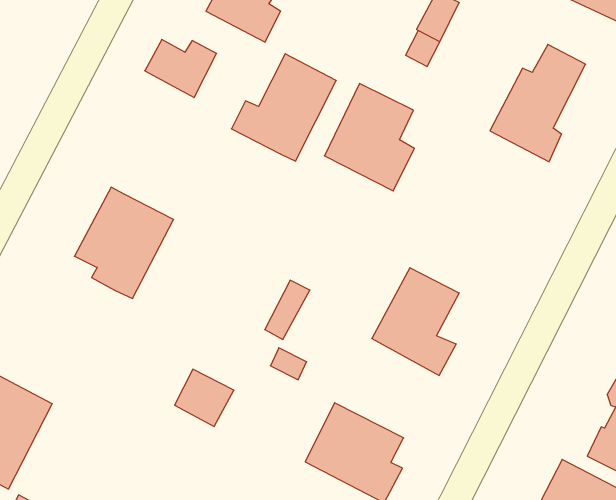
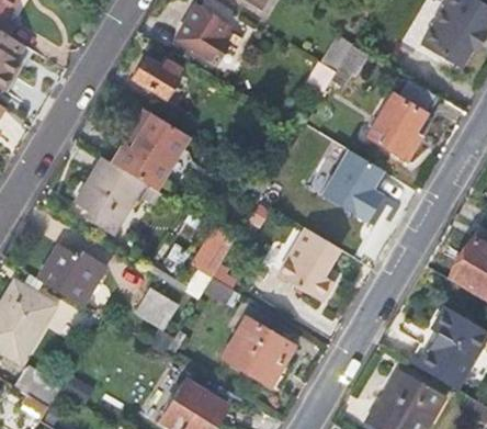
building: [231,54,336,161] -> [111,115,185,190]
building: [324,84,414,191] -> [321,145,385,221]
building: none -> [36,246,107,308]

